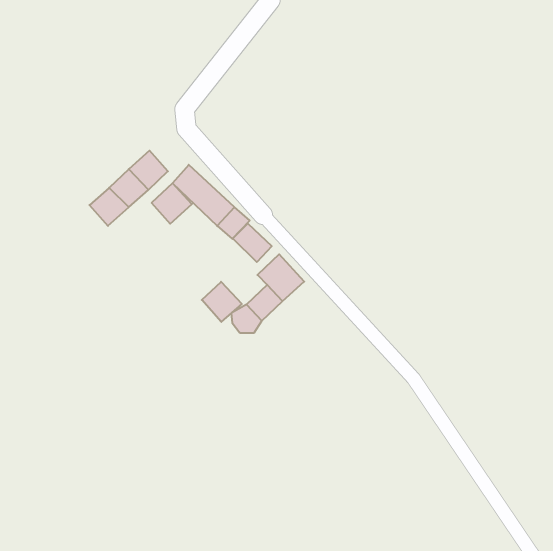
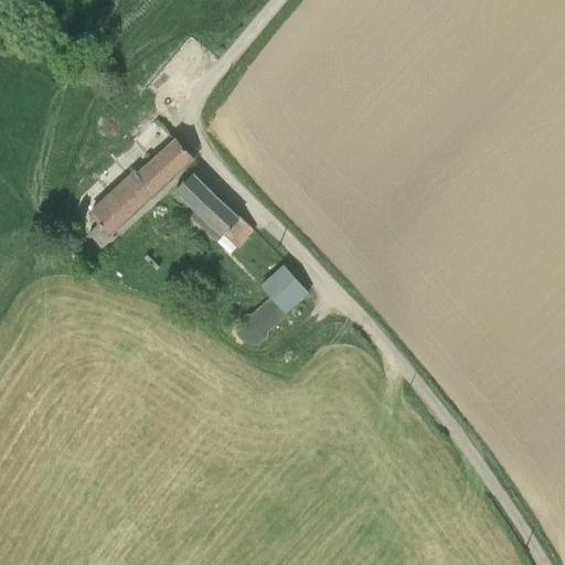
building: [152,183,192,224] -> [151,139,192,180]
building: [233,224,272,262] -> none
building: [202,282,242,322] -> none

